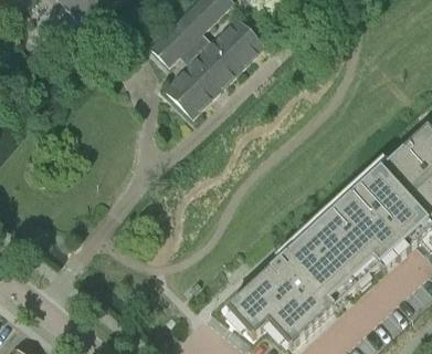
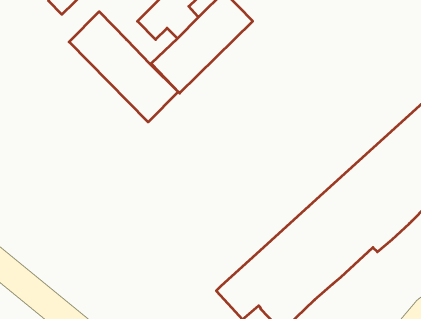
building: none -> [69,12,178,122]

